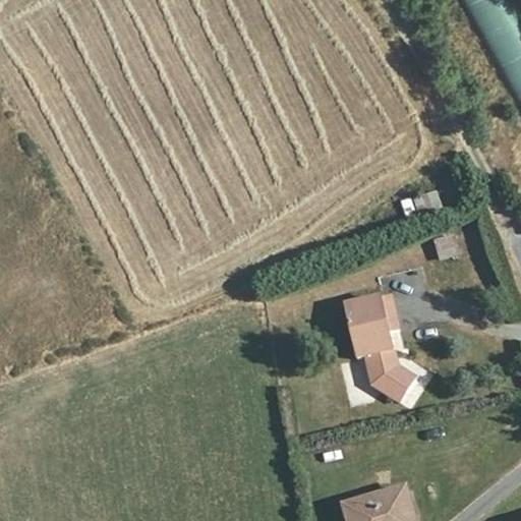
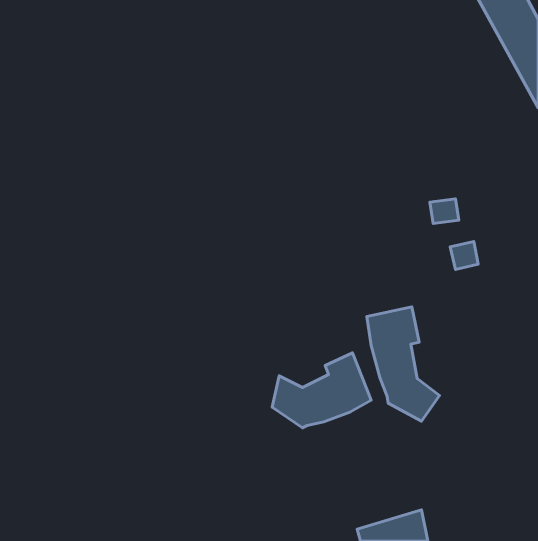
building: none -> [272,353,371,428]

